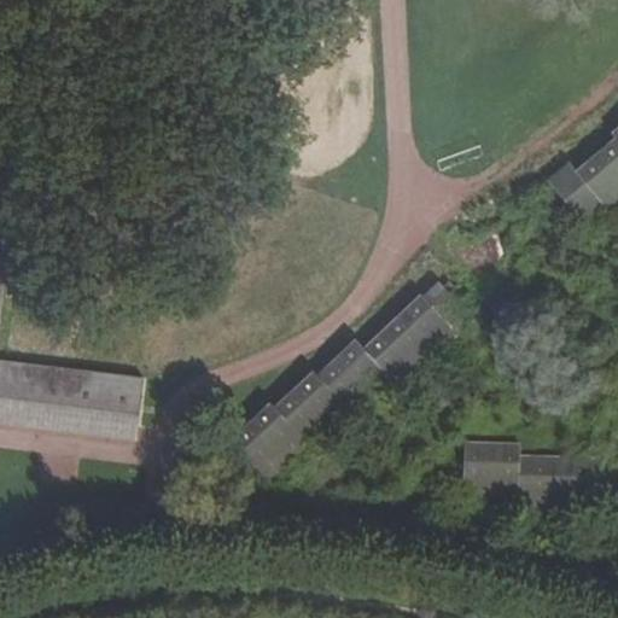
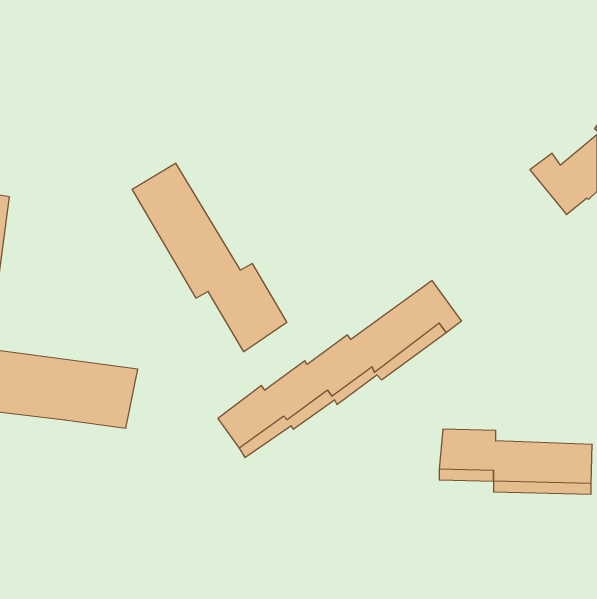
building: none -> [132,163,287,352]

